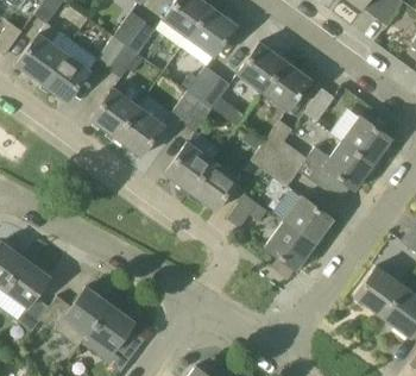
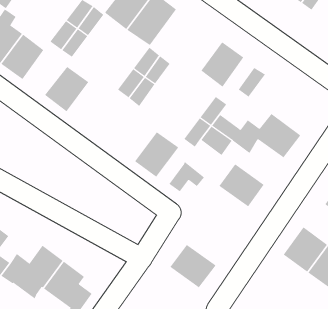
building: [237,42,286,93] -> none
building: [114,106,164,157] -> none
building: [341,115,392,165] -> none
building: [164,142,214,194] -> none
building: [264,221,316,270] -> [169,244,216,288]

